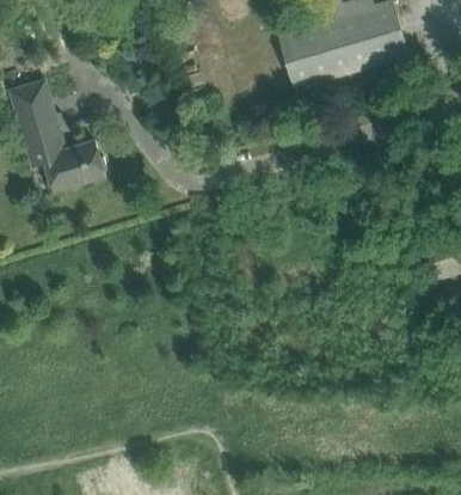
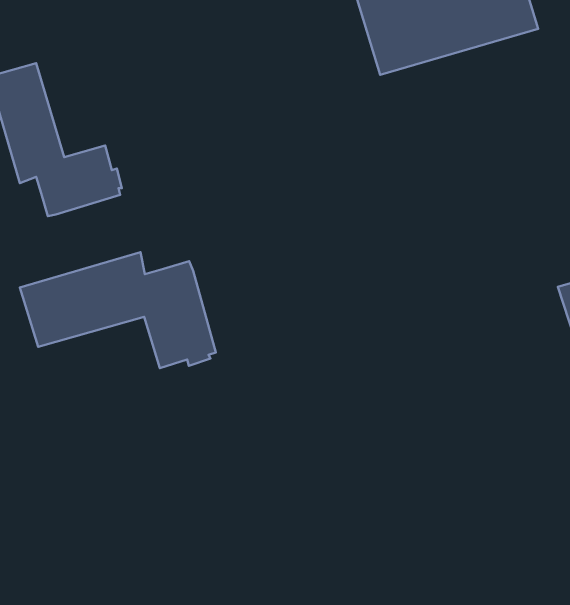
building: none -> [20,252,216,368]

